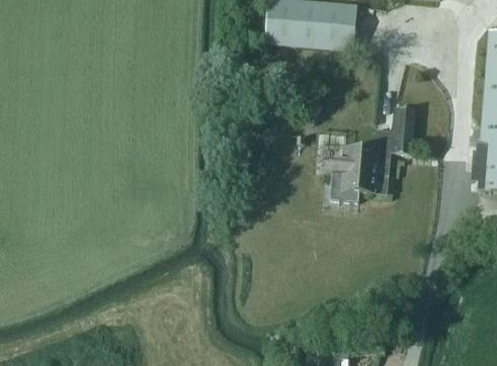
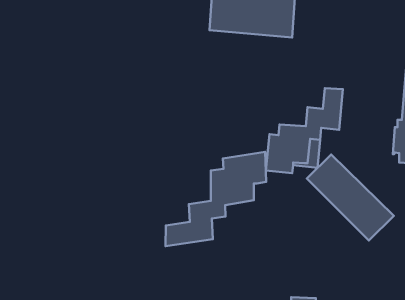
building: none -> [165,152,266,246]
building: none -> [307,155,394,240]

